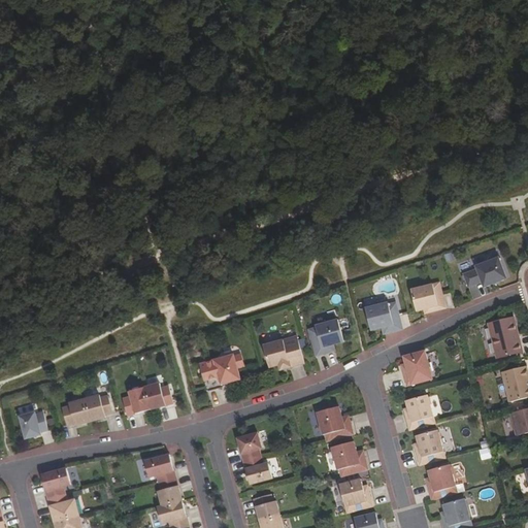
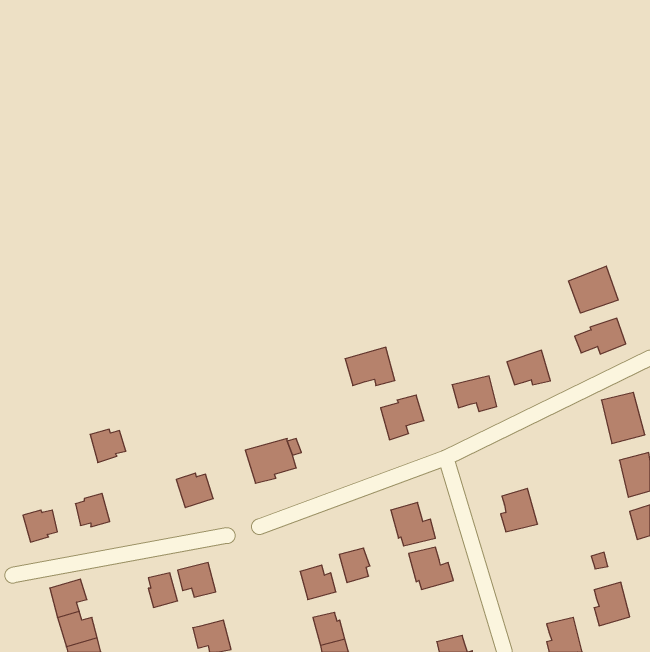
building: none -> [568,266,618,313]
building: [262,335,302,366] -> [345,347,395,386]
building: [401,350,431,385] -> none
building: [122,387,150,416] -> none
building: [82,394,111,421] -> [90,429,126,463]
building: [415,429,443,464] -> none
building: [236,433,261,461] -> [339,548,370,583]
building: [427,464,456,499] -> [594,582,630,626]
building: [157,477,180,505] -> [148,573,178,607]
building: [339,478,371,512] -> none

